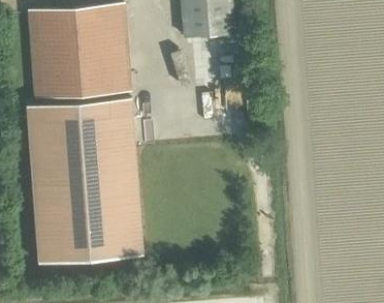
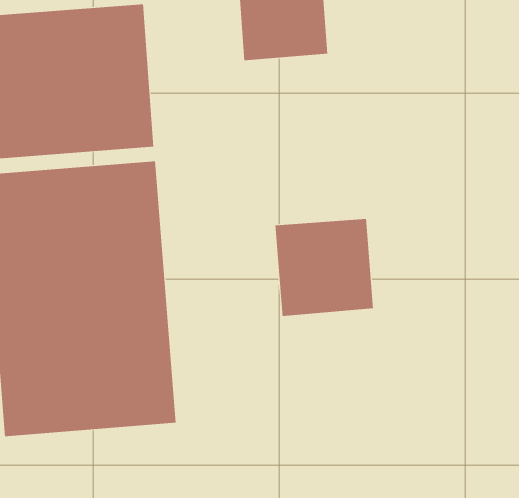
building: none -> [275,218,374,317]

